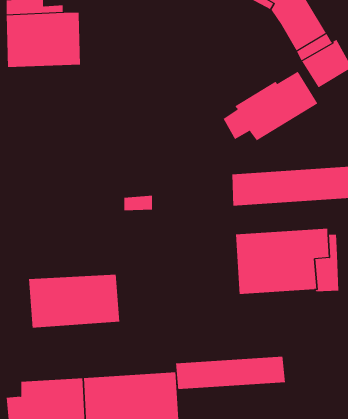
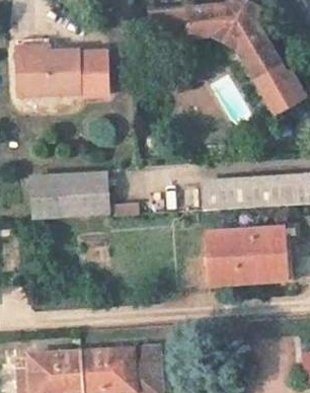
building: none -> [78,52,107,97]
building: [223,71,318,141] -> none
building: [28,274,120,328] -> [31,173,107,218]
building: [175,356,285,390] -> none

